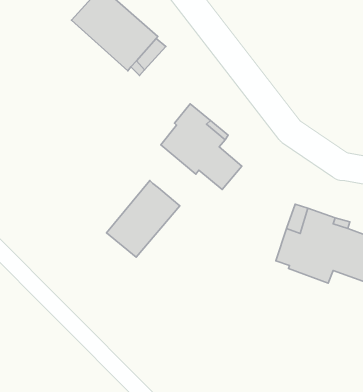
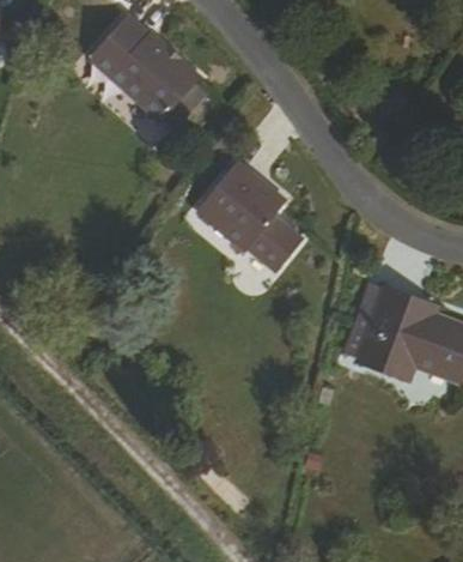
building: [107,180,180,257] -> none

